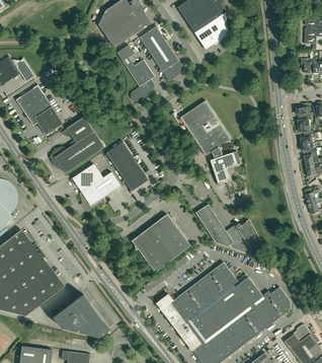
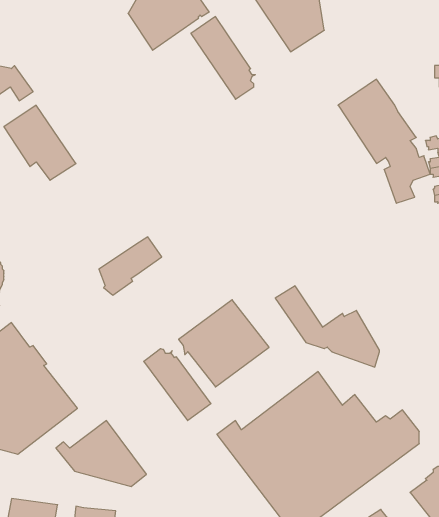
building: [117,45,155,101] -> none
building: [180,100,241,183] -> [338,79,430,203]
building: [52,117,105,173] -> none
building: [106,141,149,192] -> none
building: [70,164,103,192] -> none
building: none -> [144,349,211,421]

